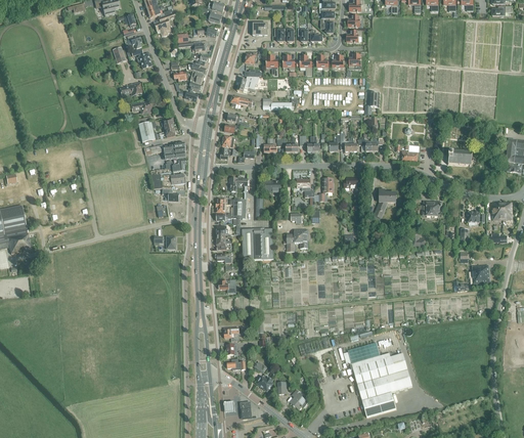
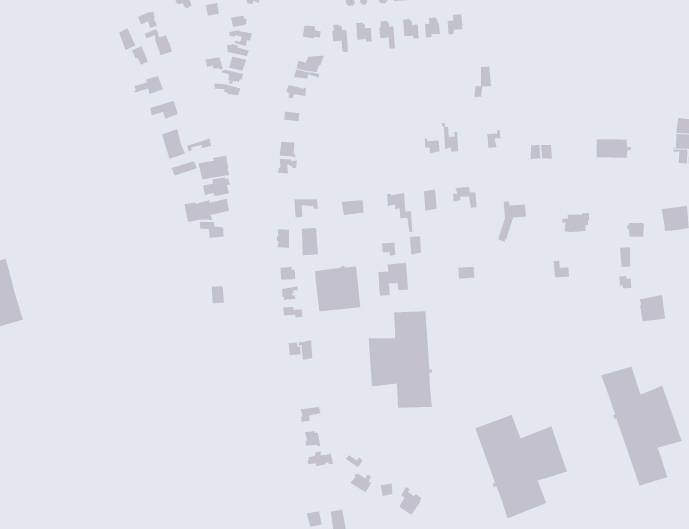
building: none -> [368,310,433,408]
building: none -> [600,366,682,487]

